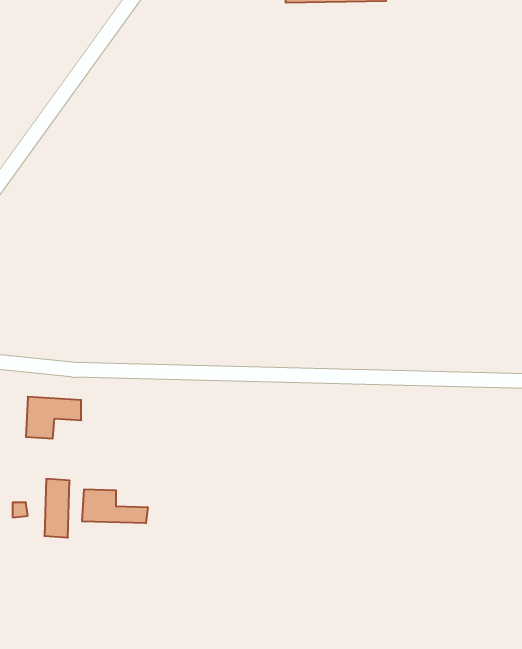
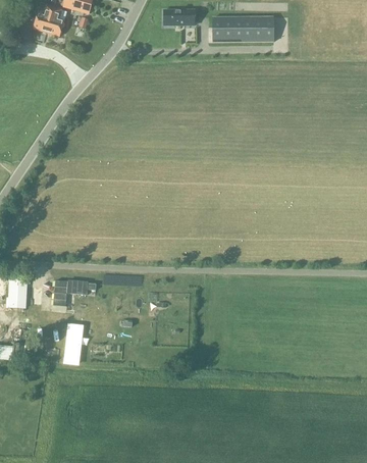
building: [82,489,148,523] -> none

